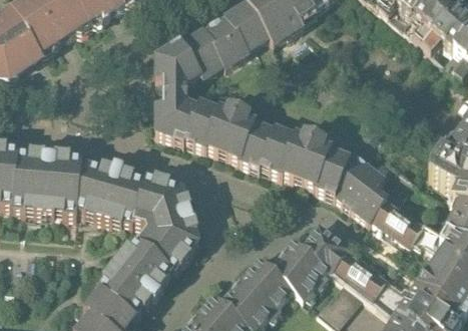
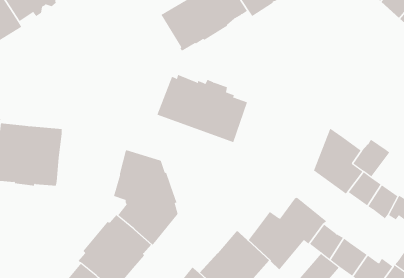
building: [151,38,201,139] -> none
building: [256,126,353,196] -> none
building: [77,158,145,224] -> none

